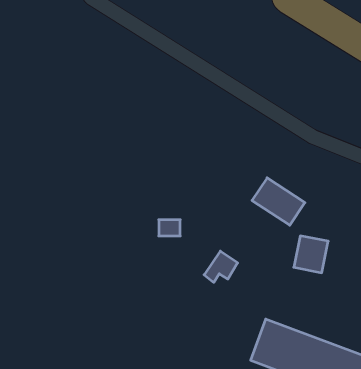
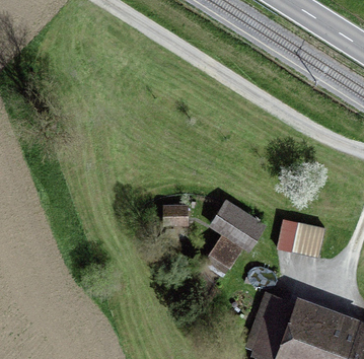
building: [252,178,305,225] -> [212,202,262,246]

